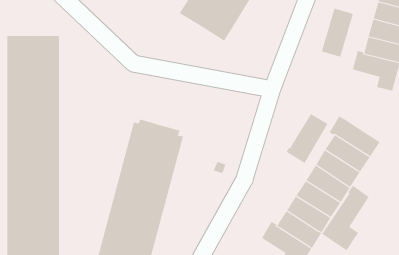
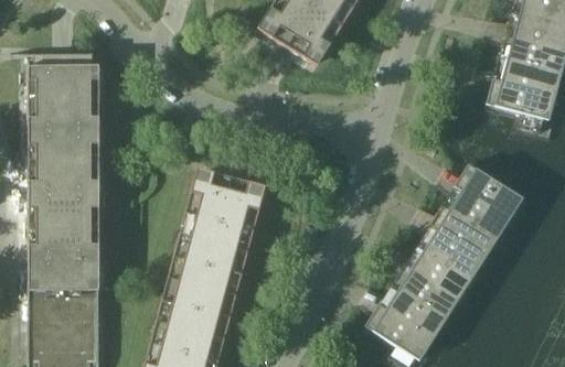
building: [321,8,353,58] -> none
building: [286,113,328,164] -> none
building: [321,185,370,251] -> none

